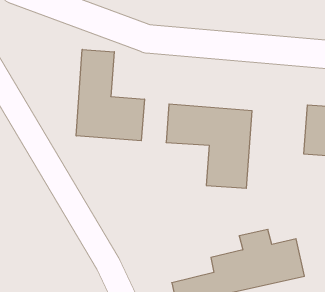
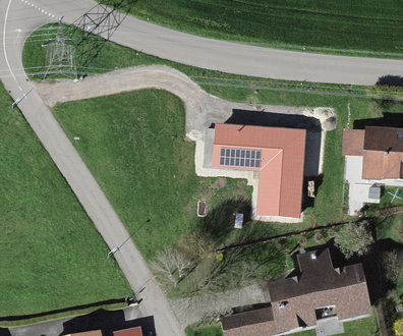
building: [76,49,144,141] -> none

